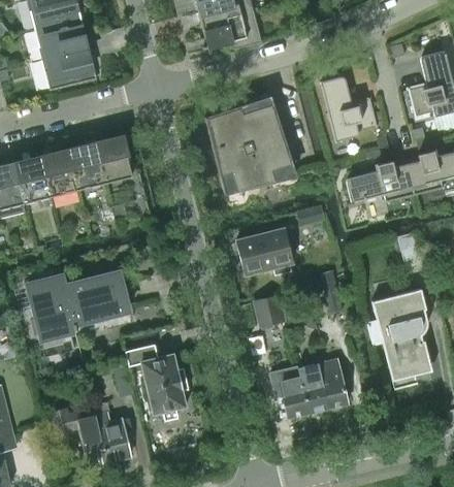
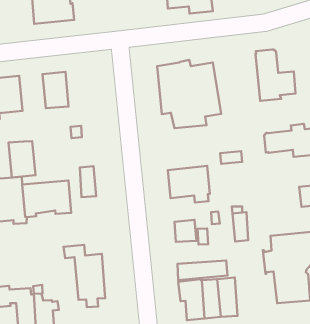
building: [95,134,132,183] -> none
building: [40,149,78,196] -> [9,141,35,178]
building: none -> [80,166,96,197]
building: none -> [178,260,228,280]

